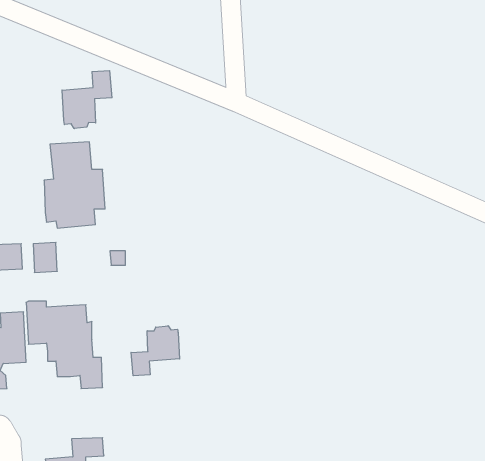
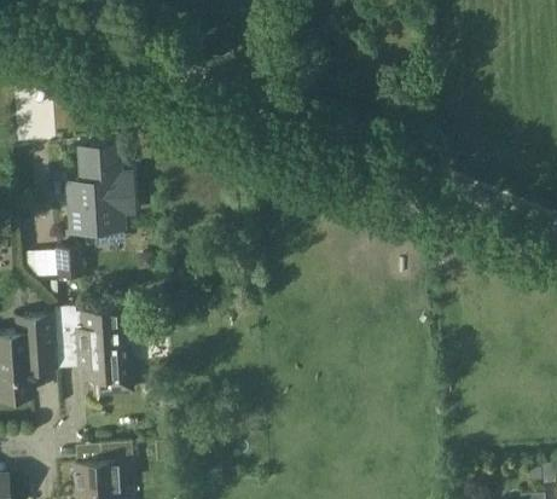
building: [62,71,112,129] -> none
building: [131,326,180,376] -> none

